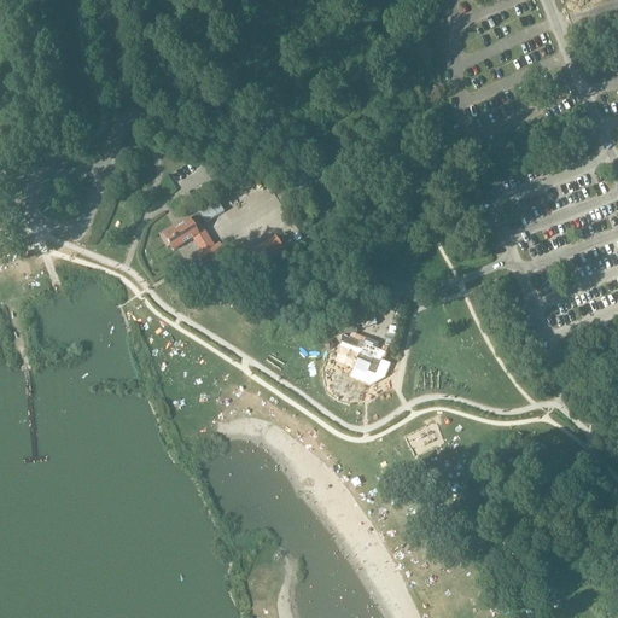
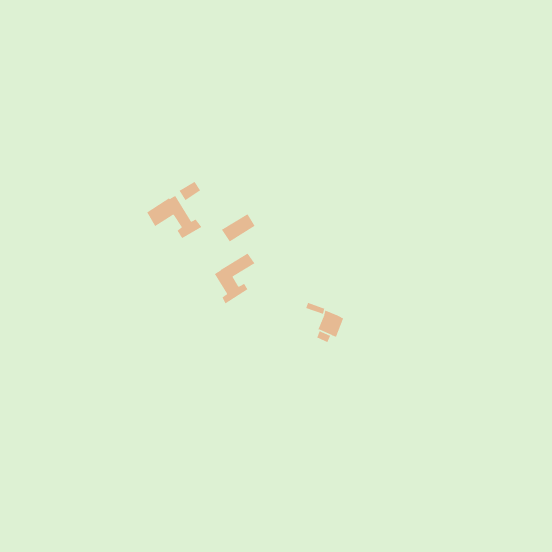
building: none -> [214,253,256,305]

